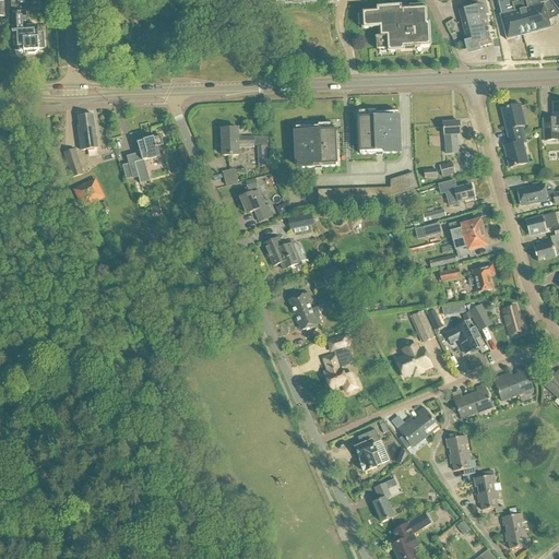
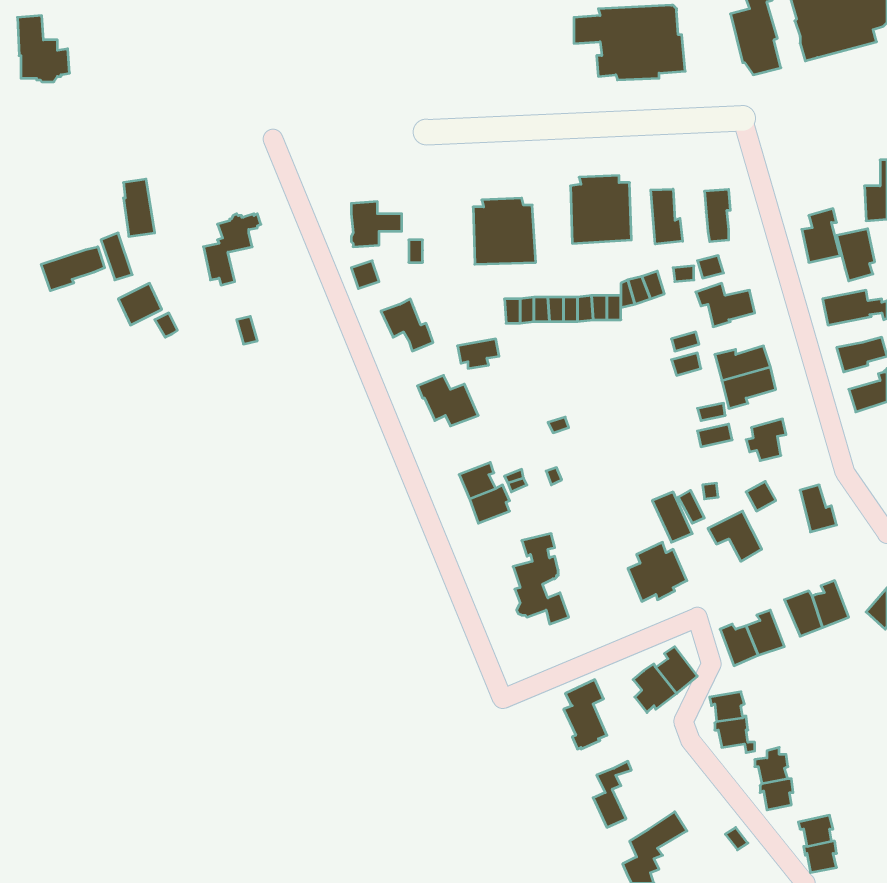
building: [500,103,524,135] -> [836,229,875,281]
building: none -> [651,189,683,244]
building: none -> [41,247,105,291]

